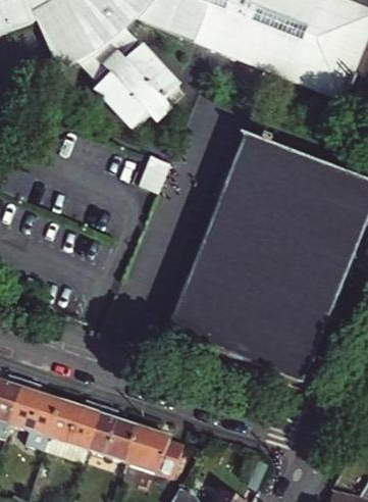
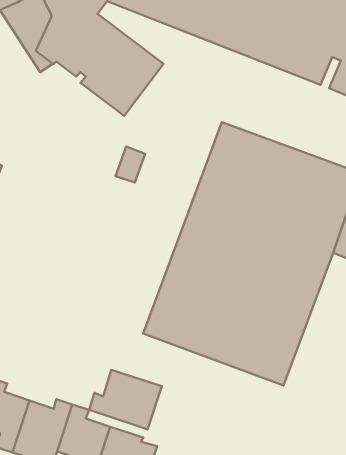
building: none -> [89,370,162,429]

